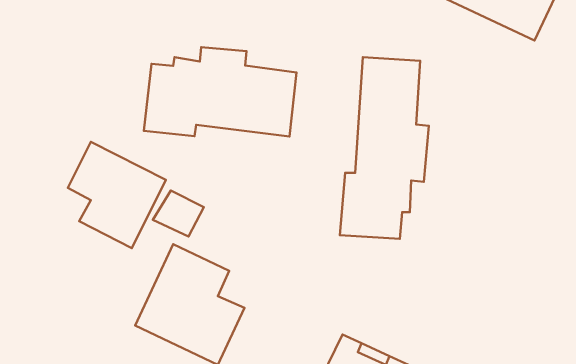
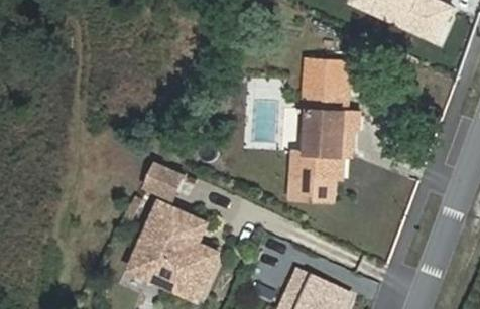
building: [144,47,297,136] -> none
building: [68,142,166,248] -> none

